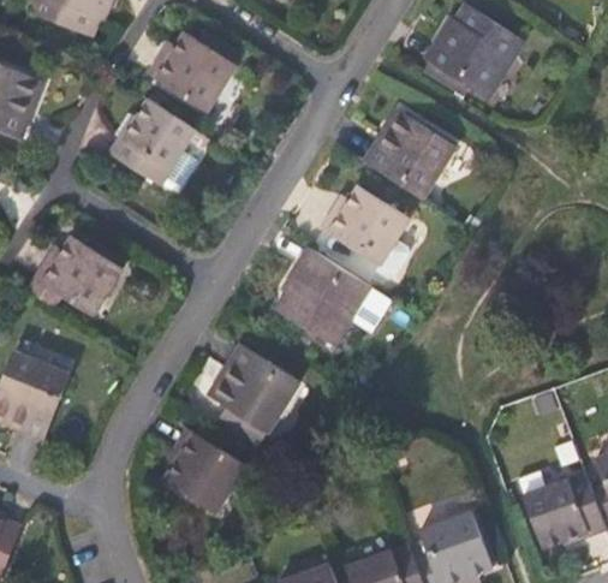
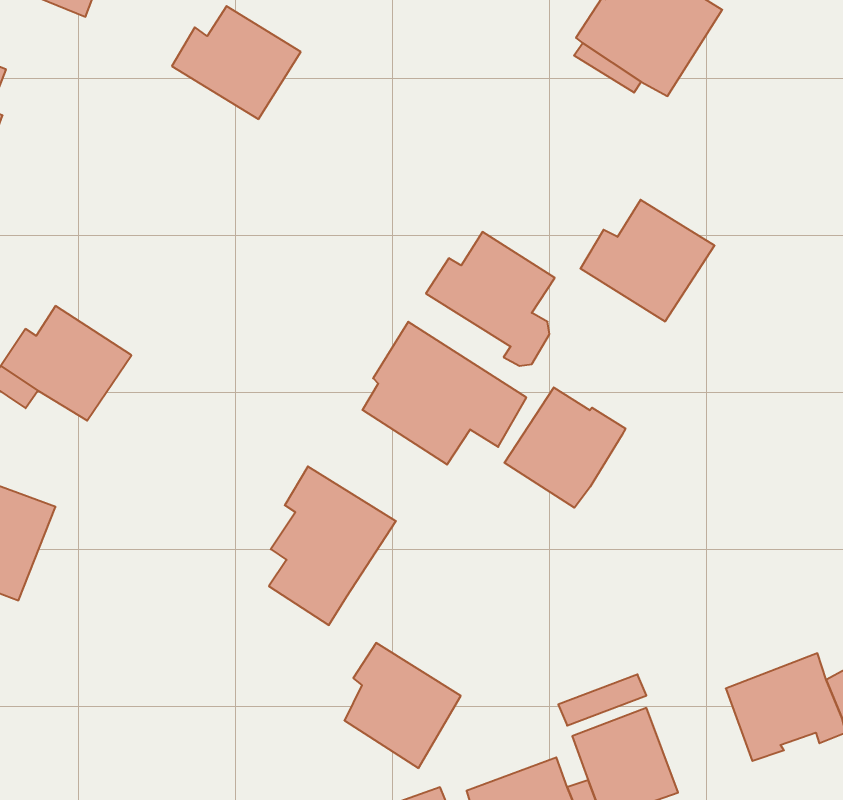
building: [111,100,197,195] -> none
building: [364,113,455,196] -> [580,200,715,321]
building: none -> [504,387,625,508]
building: [166,432,245,517] -> [344,643,461,768]

